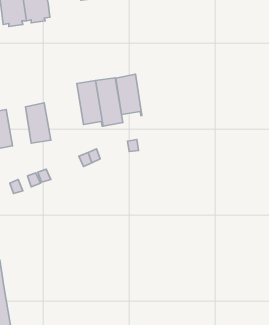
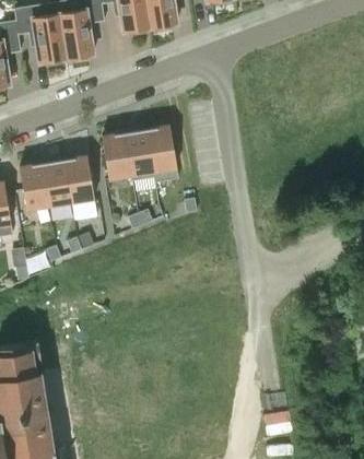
building: [116,74,142,115] -> [102,132,132,180]
building: none -> [42,160,71,205]

